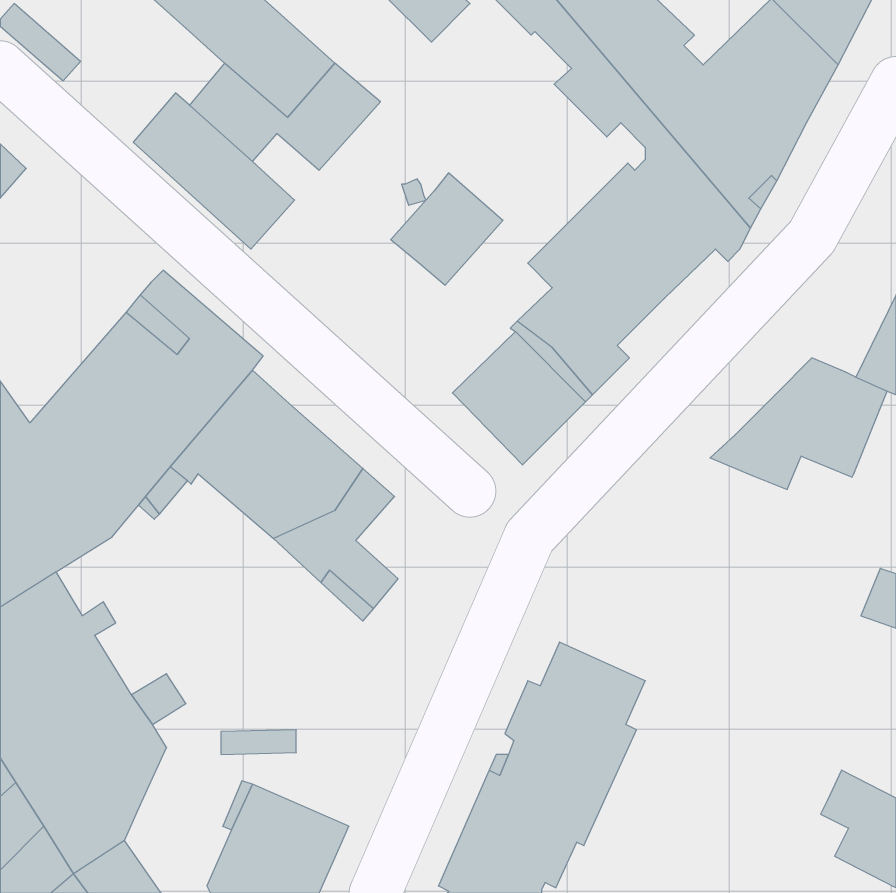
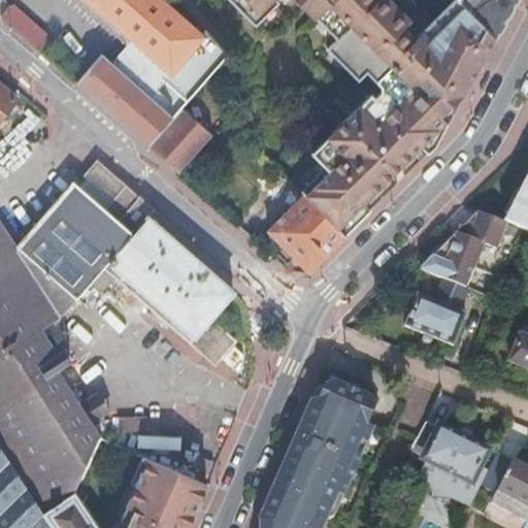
building: [391,173,503,285] -> [147,107,213,173]
building: none -> [403,279,466,345]
building: none -> [409,423,487,507]

